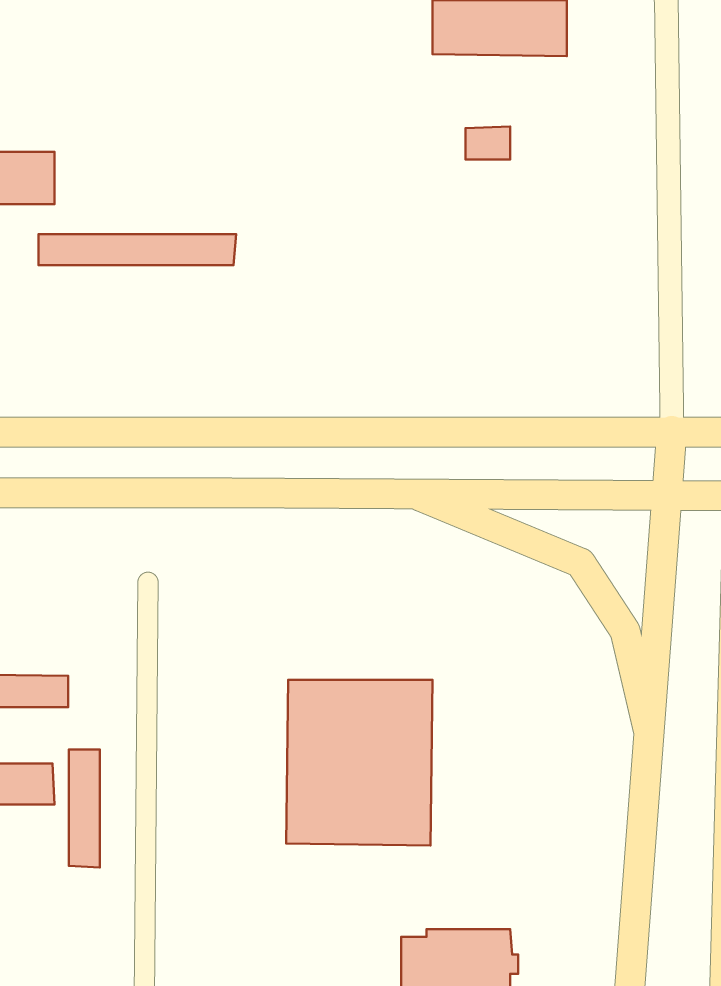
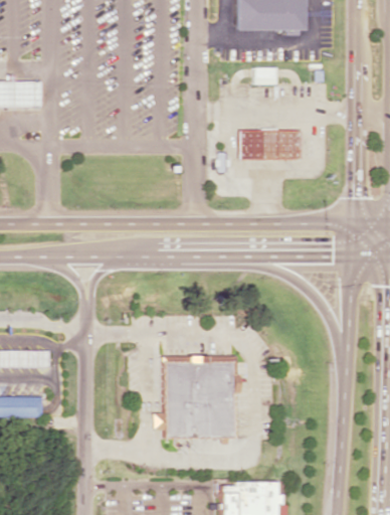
building: [39,234,236,265] -> none
building: none -> [240,129,305,160]
building: [69,749,100,867] -> none

